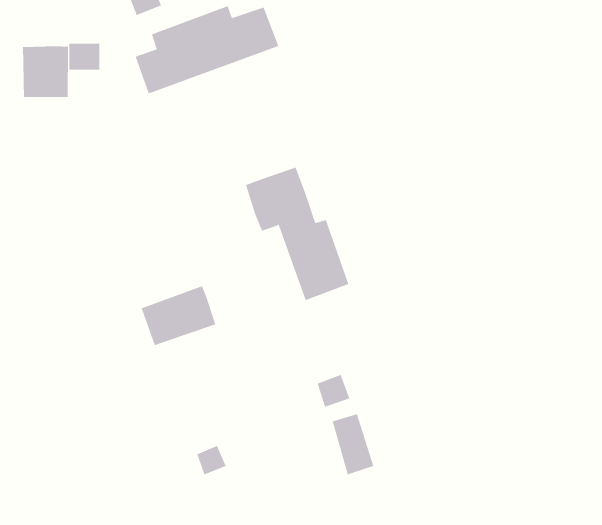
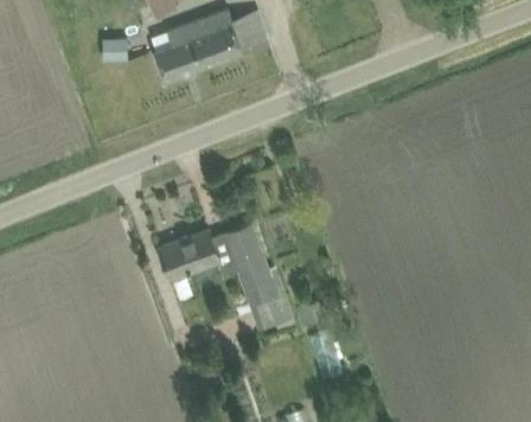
building: [22,45,68,98] -> none
building: [245,167,349,301] -> [211,224,293,330]

